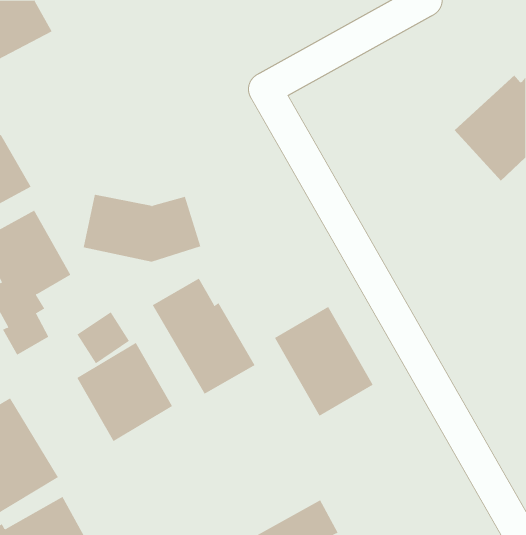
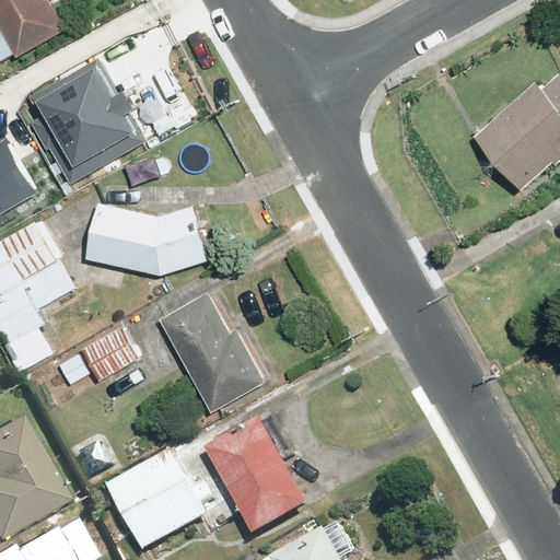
building: none -> [40,72,149,176]
building: [274,306,374,416] -> [203,419,307,534]
building: [77,342,173,442] -> [104,451,205,555]

